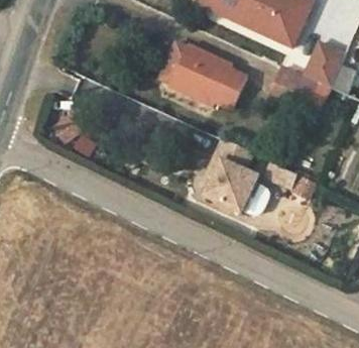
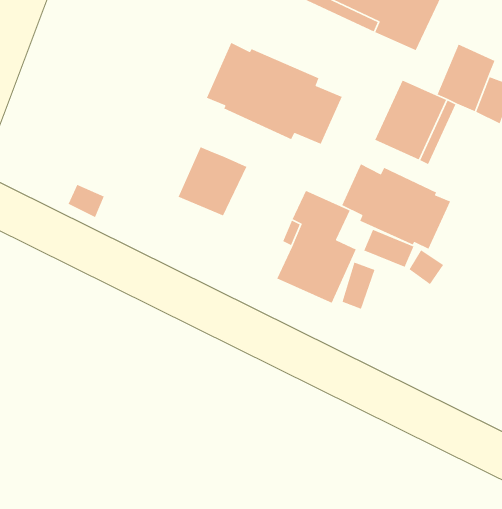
building: none -> [178,146,248,216]
building: none -> [341,163,451,250]

